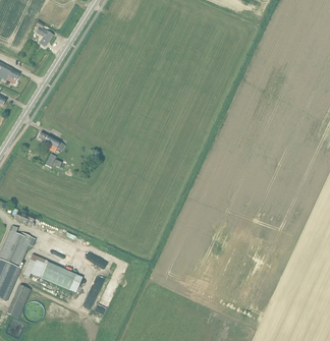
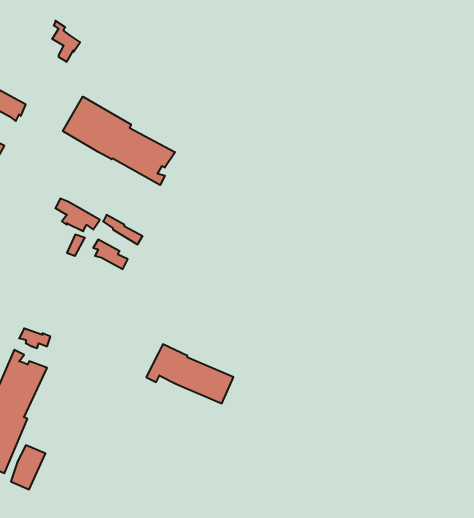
building: none -> [63,97,175,185]
building: [22,253,76,290] -> [146,344,233,403]

